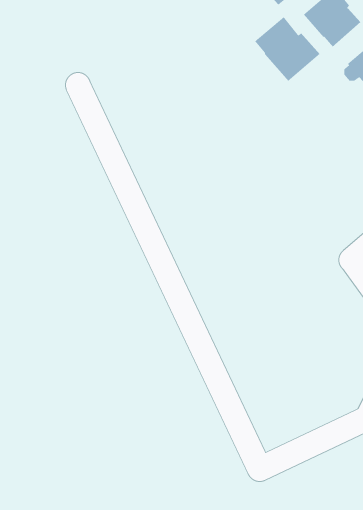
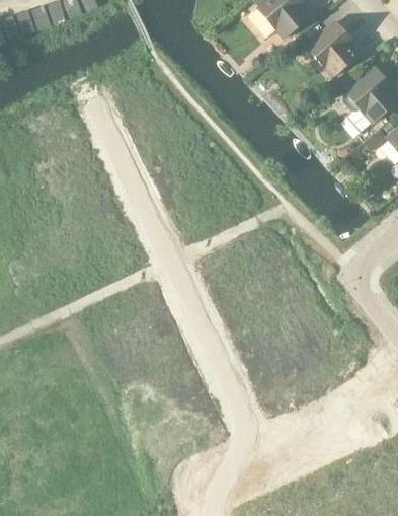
building: [254,16,320,82] -> none

